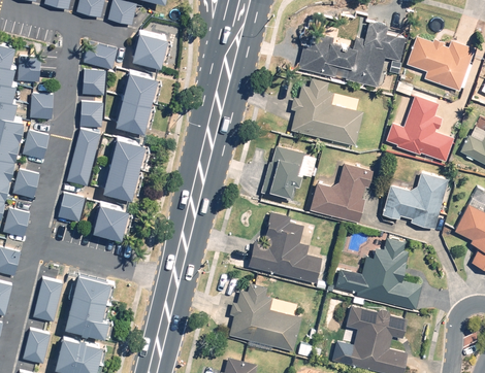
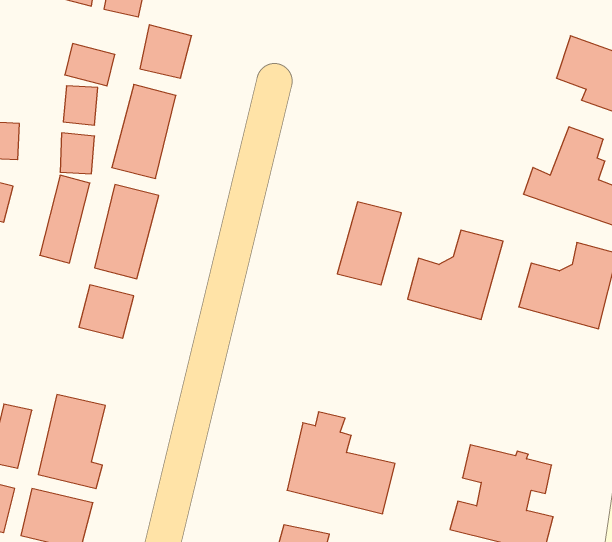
building: [298,22,407,88] -> none
building: [291,79,363,146] -> none
building: [59,193,86,222] -> none
building: [249,213,322,283] -> none
building: [336,239,422,310] -> none

